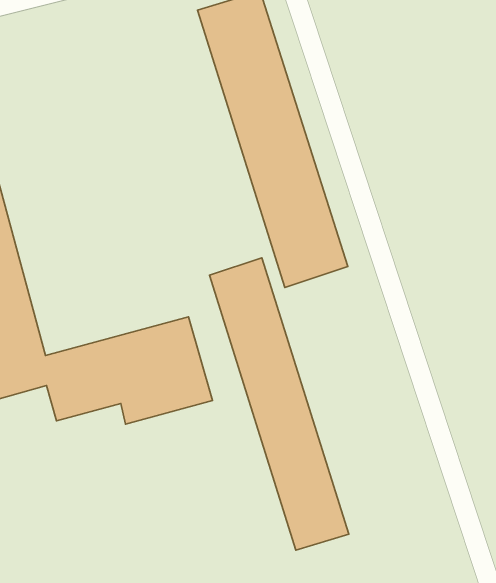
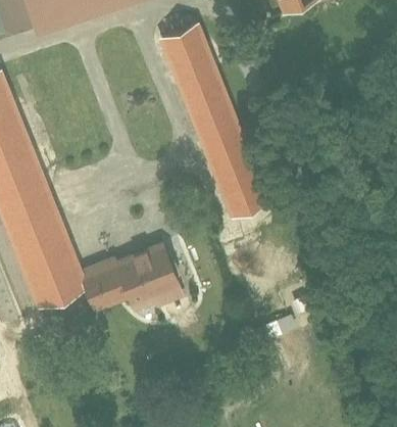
building: [209,258,349,550] -> none

